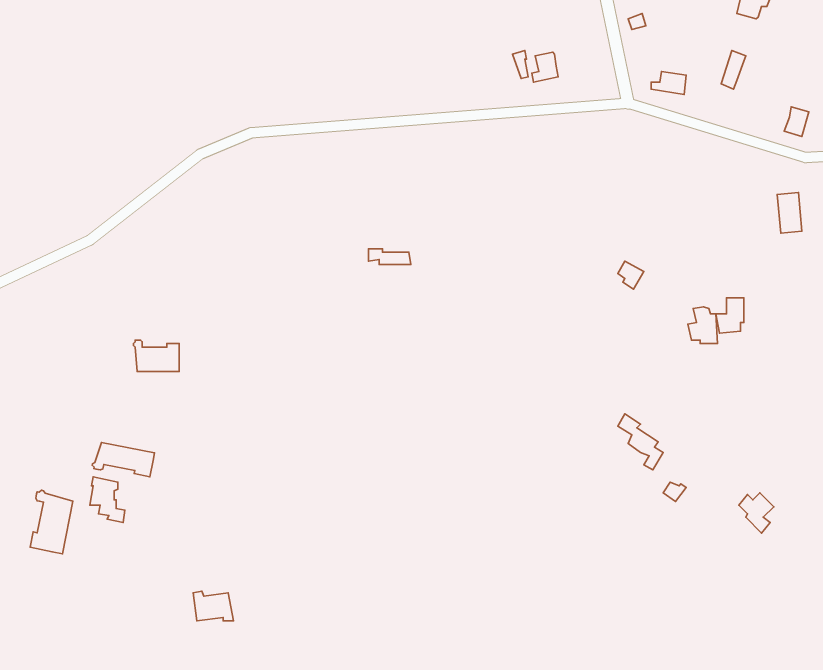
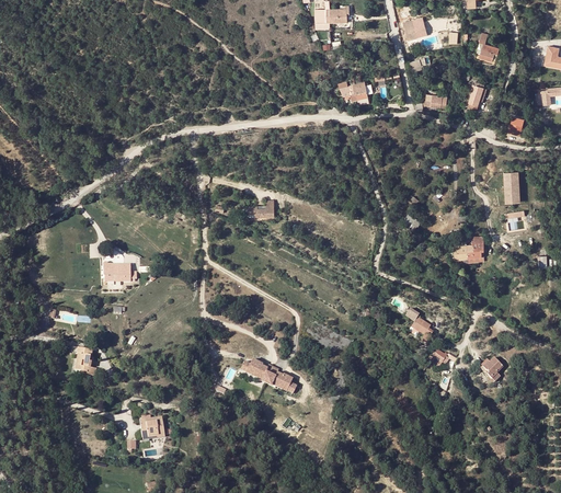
building: [92,442,155,477] -> none
building: [30,490,73,554] -> none
building: none -> [241,359,297,395]

